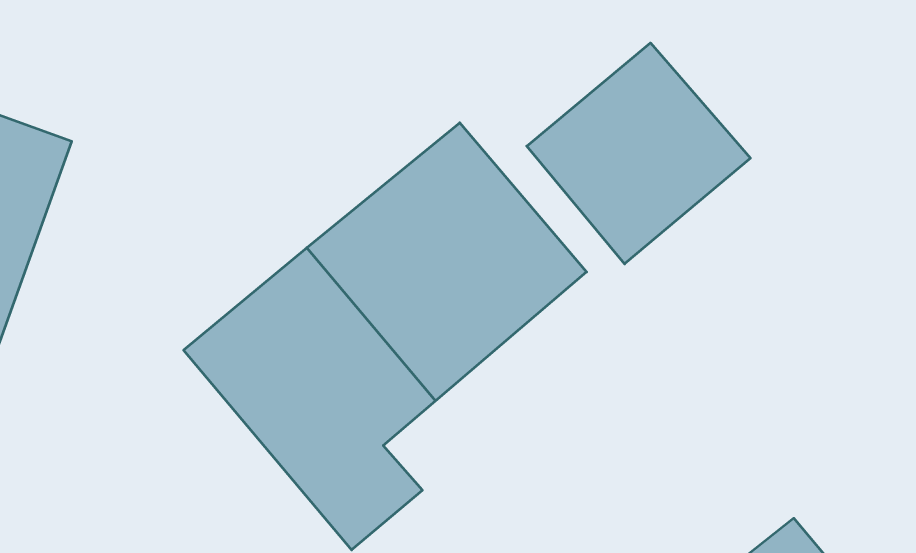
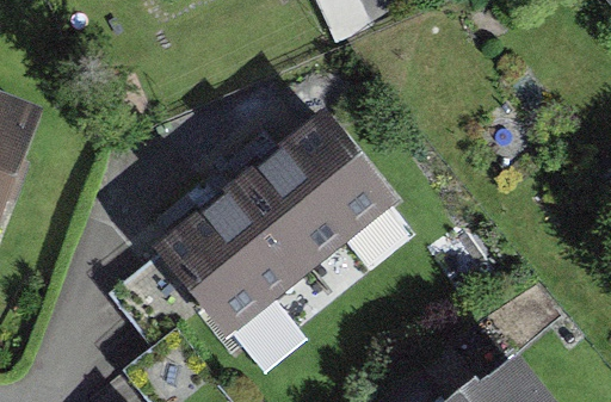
building: [527,43,750,264] -> none

